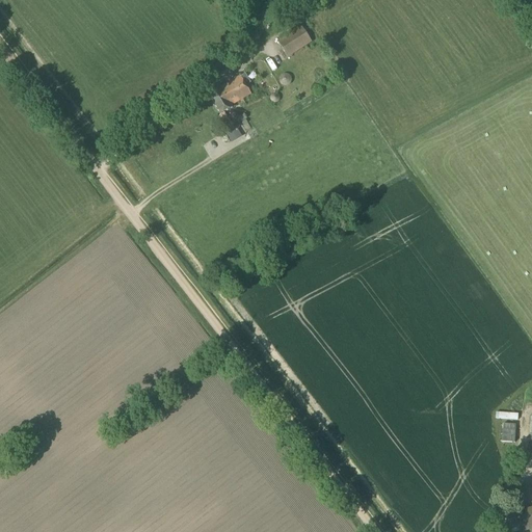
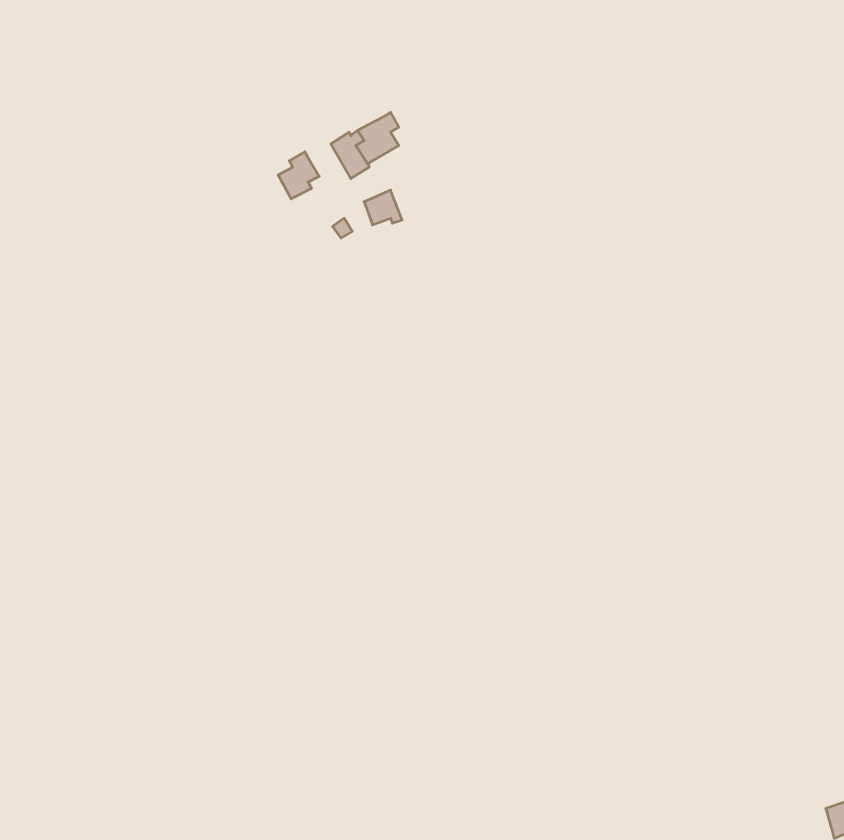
building: [277,23,313,55] -> none
building: none -> [278,152,319,199]

